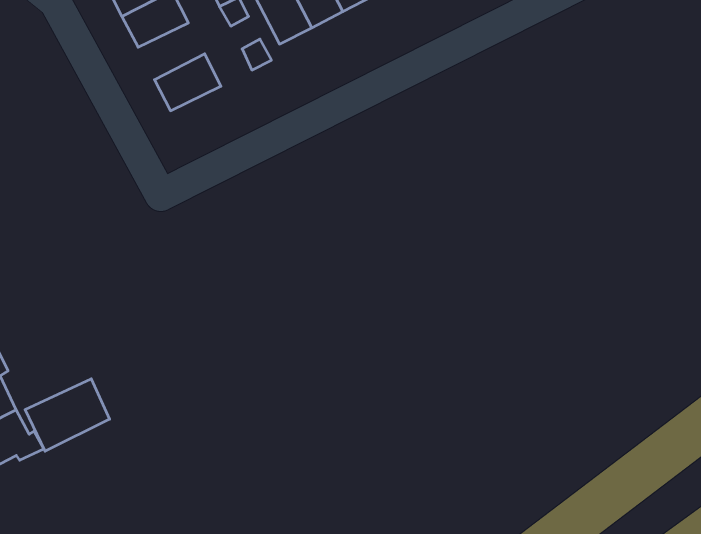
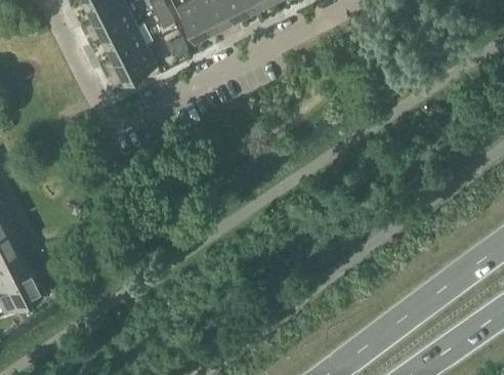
building: none -> [103,27,145,62]
building: [25,379,110,451] -> none

